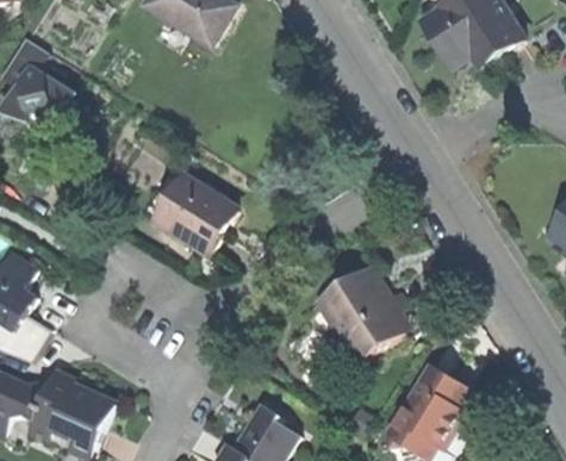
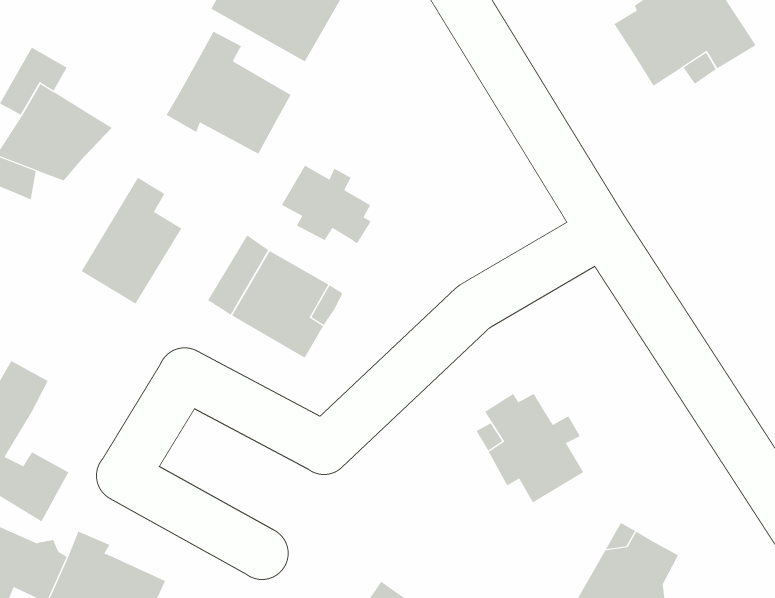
building: none -> [166,31,292,154]
building: none -> [281,165,371,244]
building: none -> [81,177,182,304]

